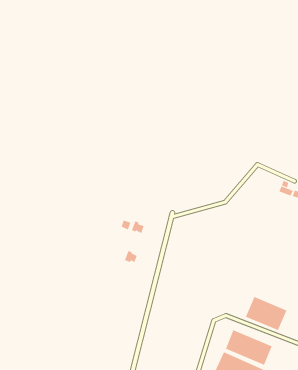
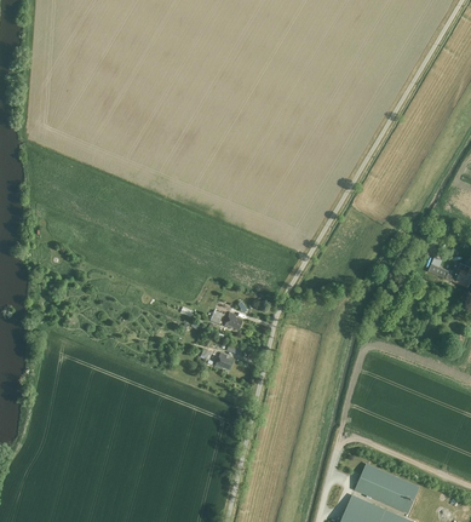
building: [245,296,287,331] -> none

